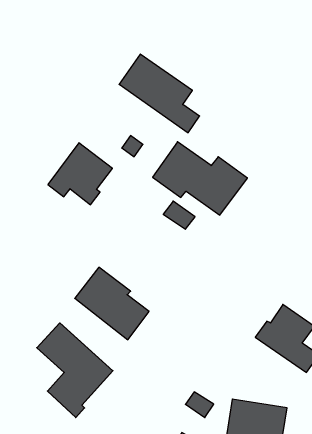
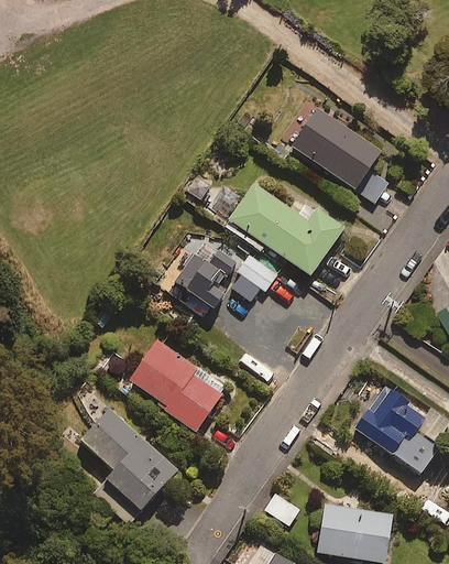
building: [119,54,200,133] -> [292,107,392,205]
building: [48,143,112,205] -> [156,230,237,307]

